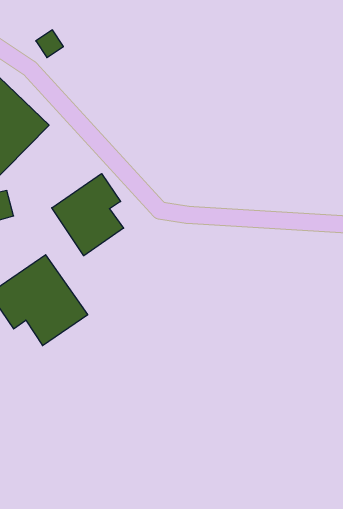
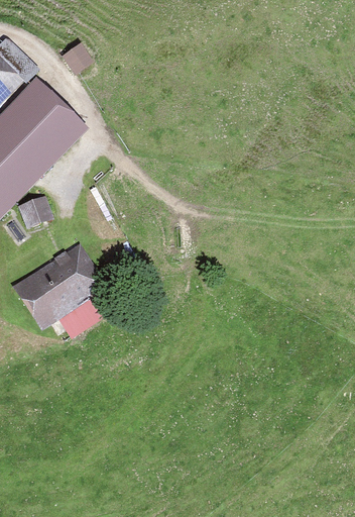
building: [52,174,124,256] -> none

